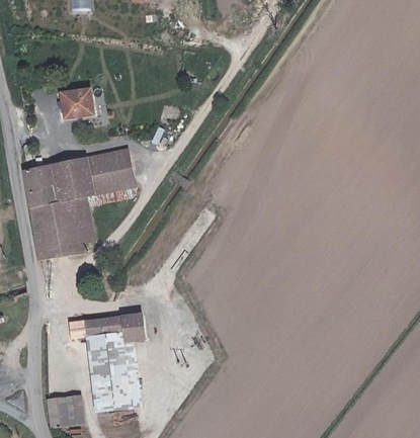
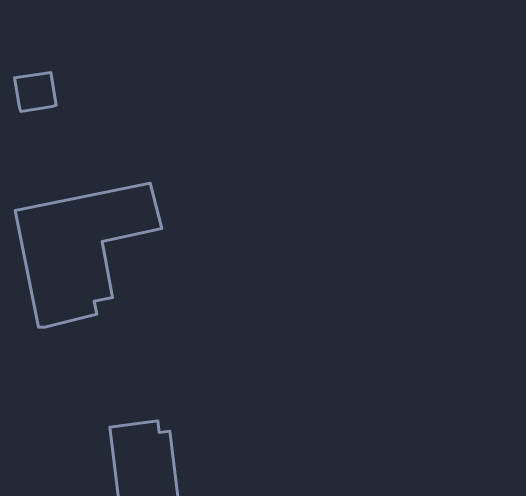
building: [56,89,88,119] -> [14,73,56,112]
building: [74,315,149,343] -> none

